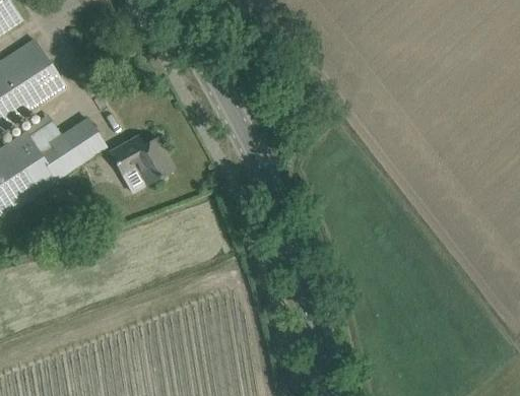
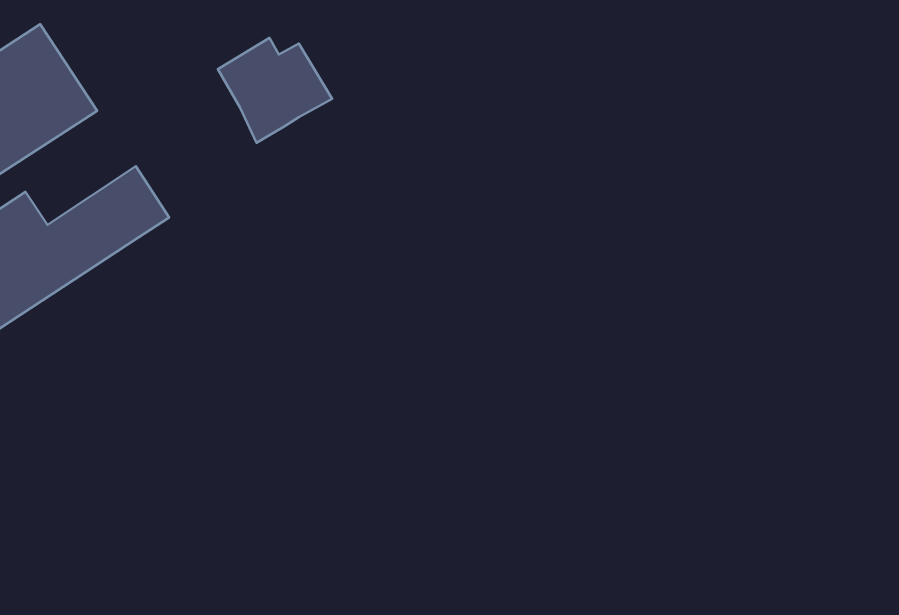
building: [110,134,173,192] -> [218,38,332,143]

